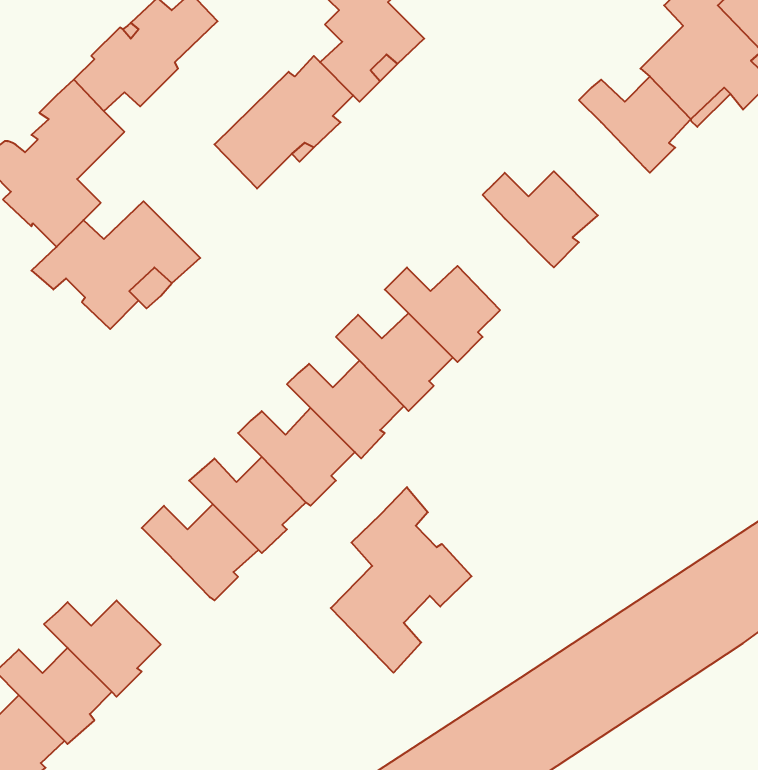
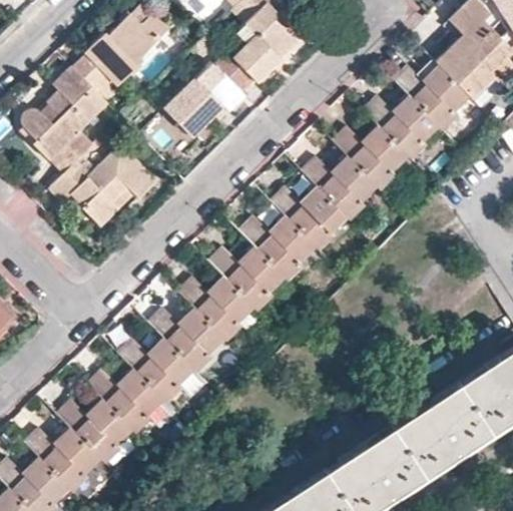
building: none -> [365,96,438,158]
building: none -> [304,157,377,218]
building: [331,487,472,673] -> none
building: none -> [87,369,161,431]

